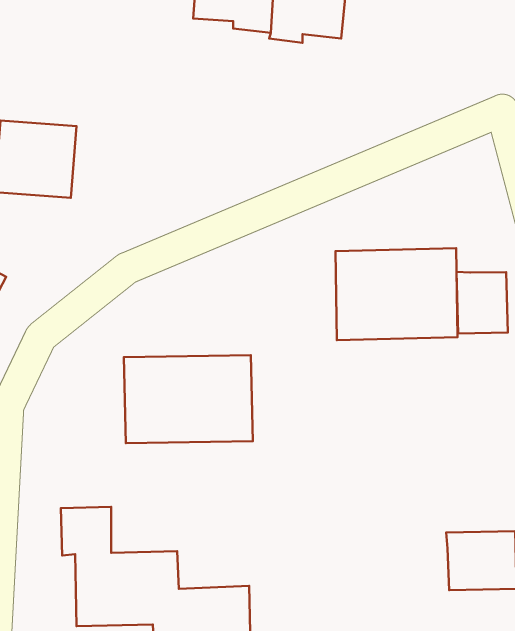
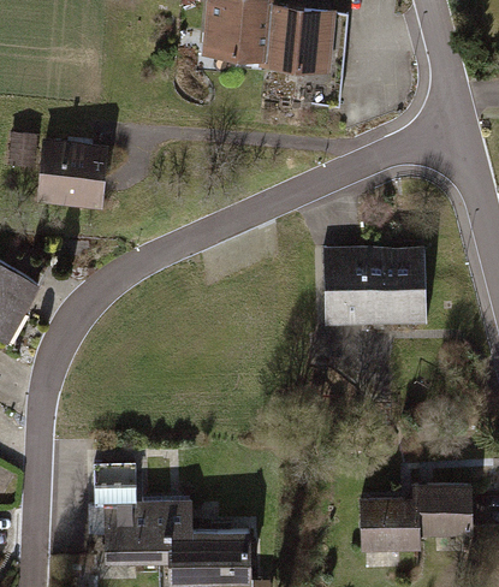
building: [457,272,508,334] -> none
building: [124,355,253,443] -> none
building: none -> [361,499,417,549]

